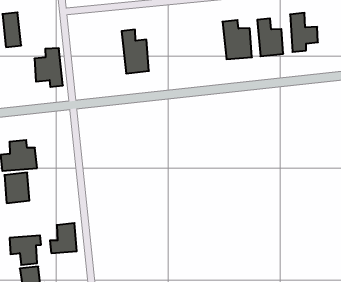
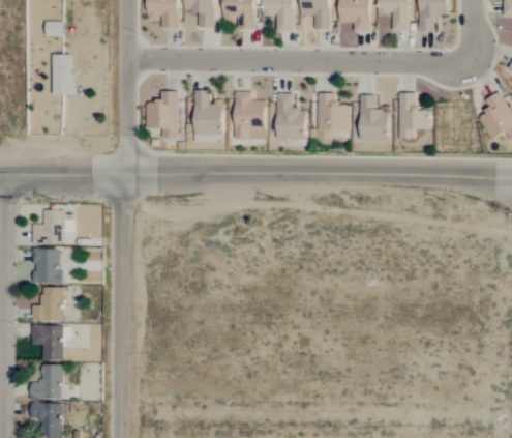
building: none -> [277,93,306,139]
building: none -> [235,91,266,139]
building: [34,48,63,87] -> [146,90,178,137]
building: [50,223,77,253] -> [32,287,64,321]

